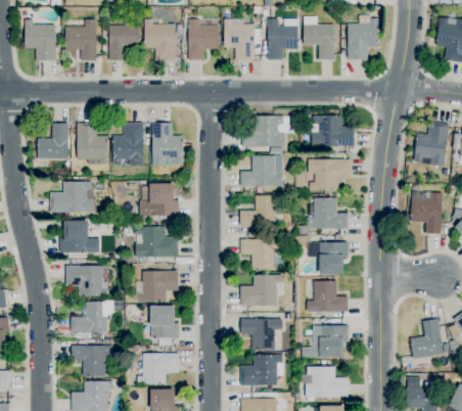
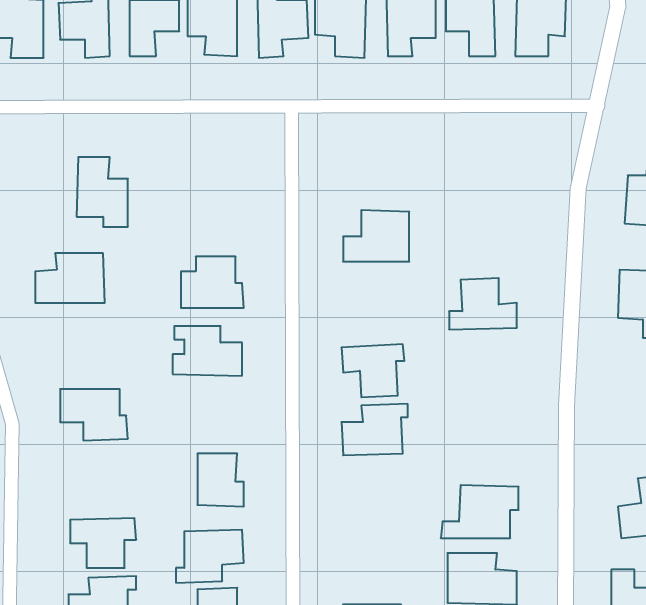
building: [312,116,355,148] -> none
building: [246,117,290,147] -> none
building: [38,123,70,159] -> none
building: [113,123,144,166] -> none
building: [152,123,184,167] -> none
building: [308,159,352,191] -> none
building: [240,195,276,227] -> none
building: [60,221,100,254] -> none
building: [309,242,349,275] -> none
building: [138,271,179,303] -> none
building: [308,281,349,312] -> none
building: [72,302,108,333] -> none
building: [241,319,282,350] -> none
building: [241,355,283,386] -> none

